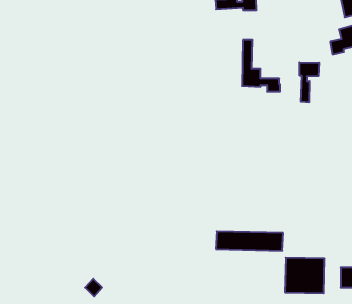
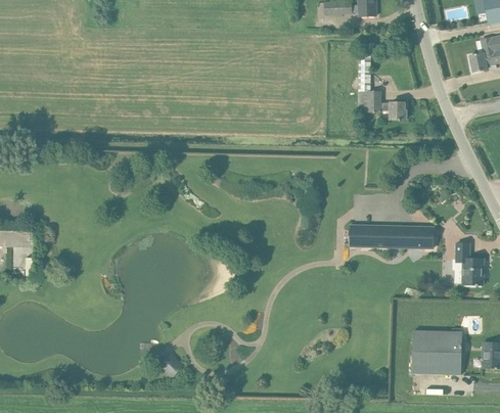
building: [299,62,319,102] -> none
building: none -> [453,242,484,284]
building: [216,231,283,251] -> [350,224,435,248]

